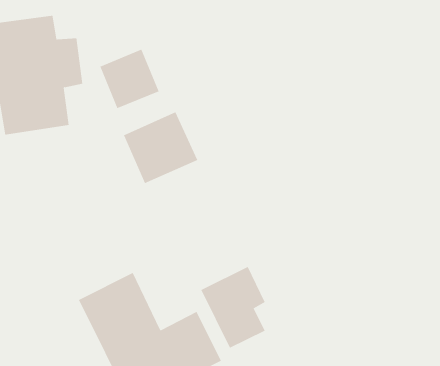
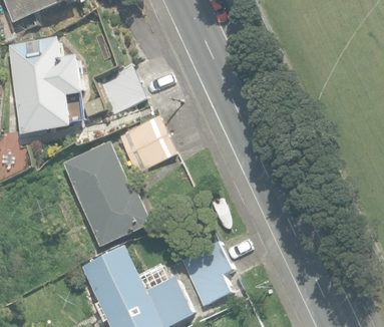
building: none -> [60,138,151,246]

